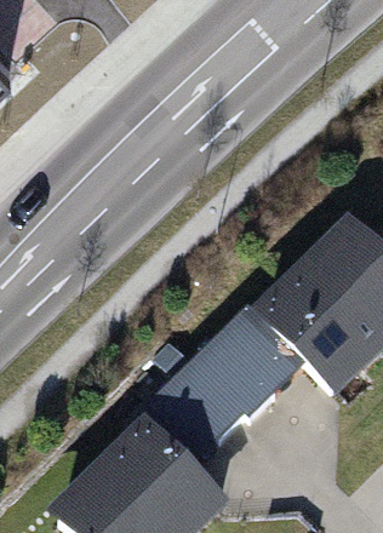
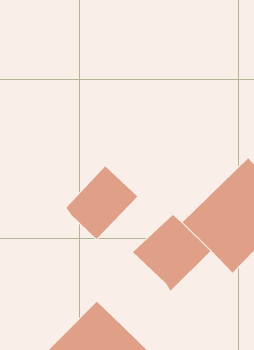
building: [144,357,244,459] -> [65,165,138,240]

